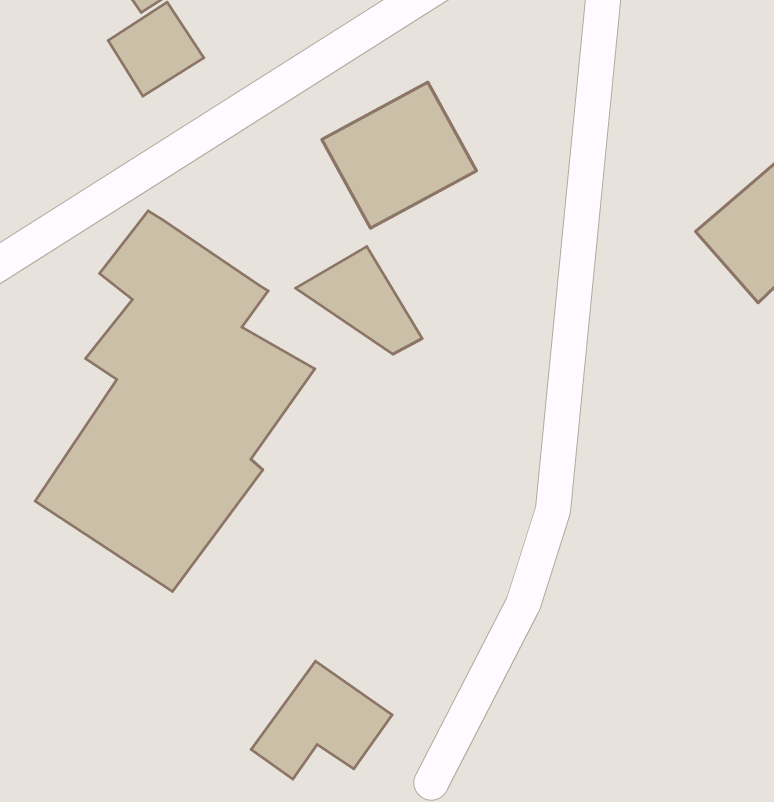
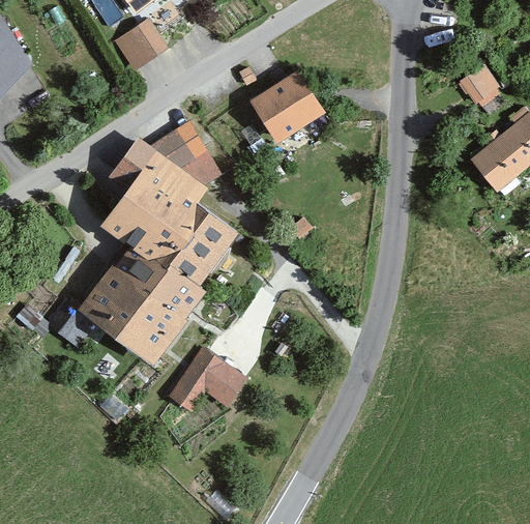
building: none -> [461,58,506,105]
building: [295,246,422,354] -> [147,120,223,184]
building: [251,661,392,779] -> [166,344,249,414]

